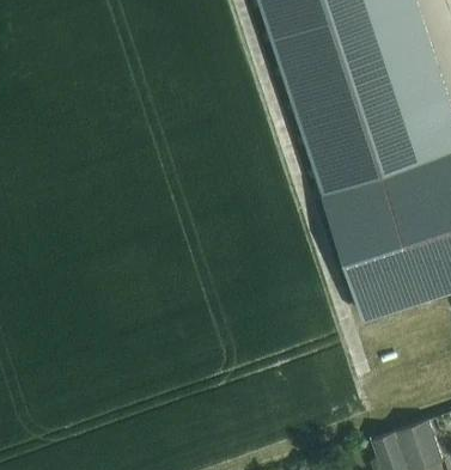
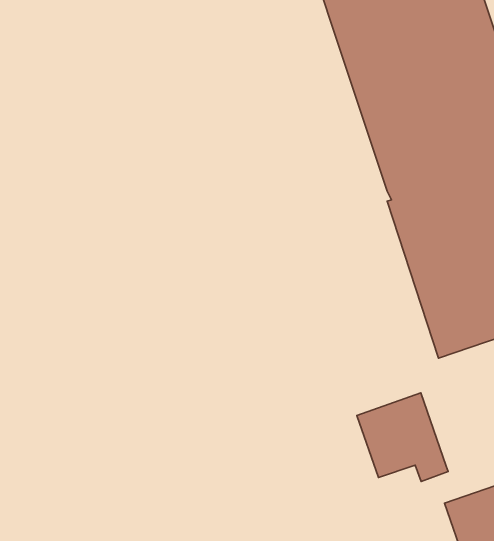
building: none -> [357,393,448,482]

